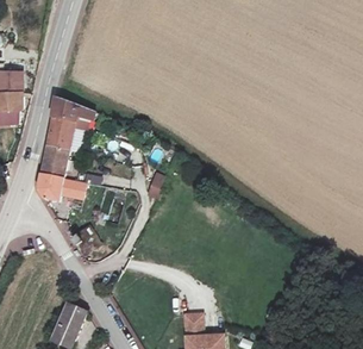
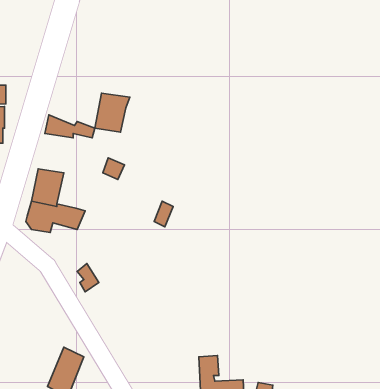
building: [45,118,76,152] -> [95,93,130,132]

